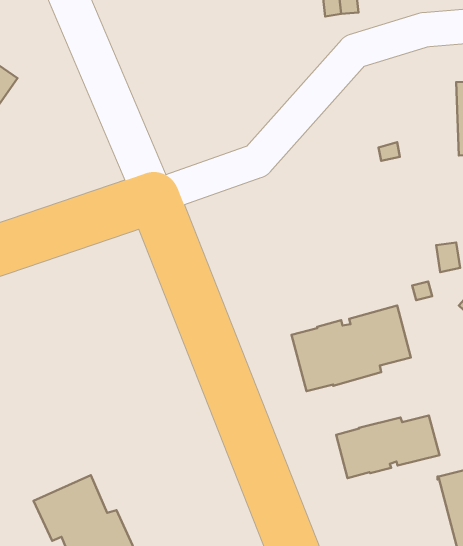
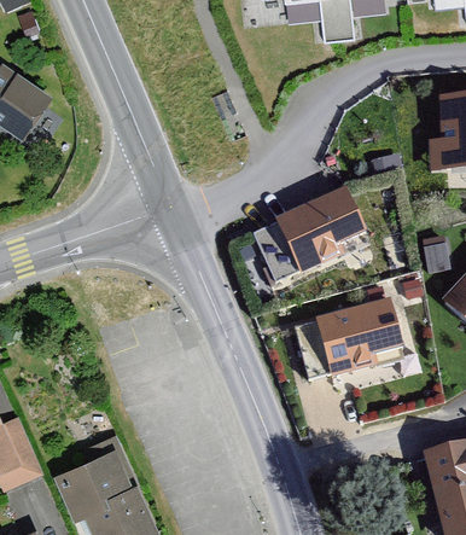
building: none -> [254,190,365,280]
building: [336,415,440,478] -> none

